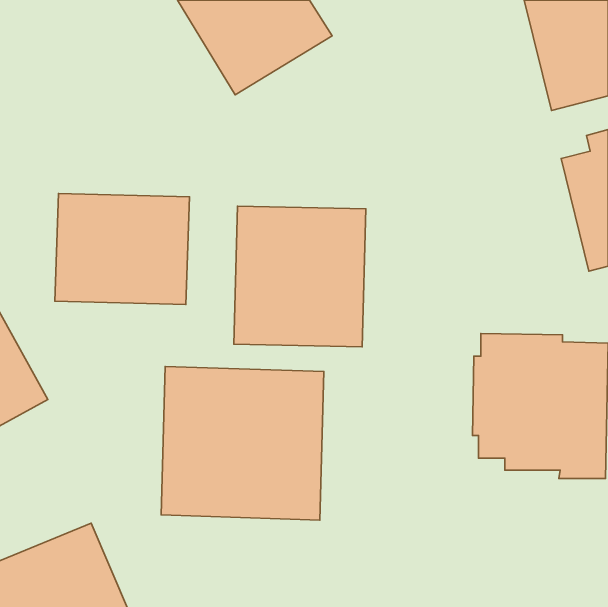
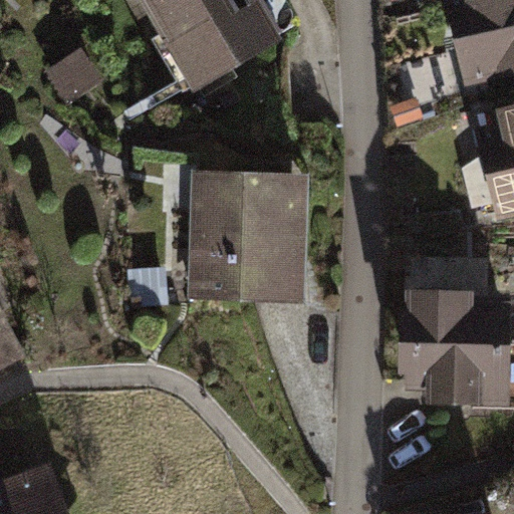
building: [55,194,190,304] -> none
building: [161,366,324,520] -> none

